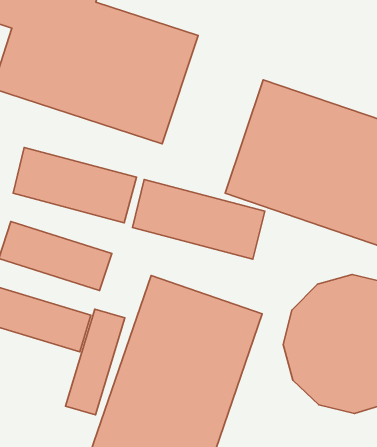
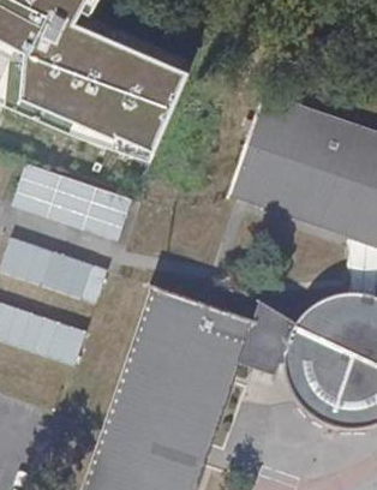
building: [132,180,265,259] -> none
building: [66,309,125,415] -> none

